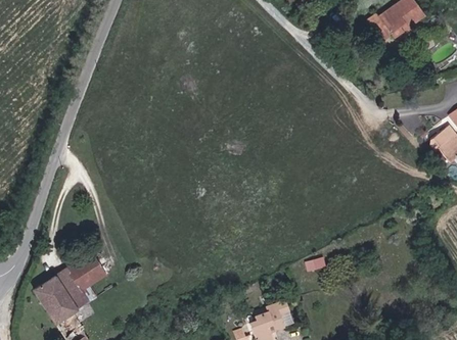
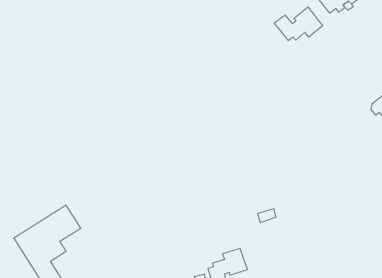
building: none -> [274,7,322,41]

